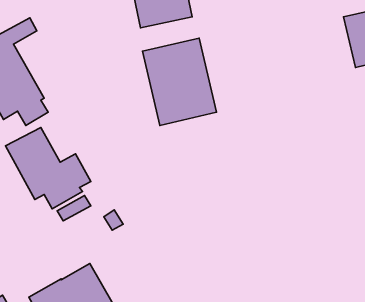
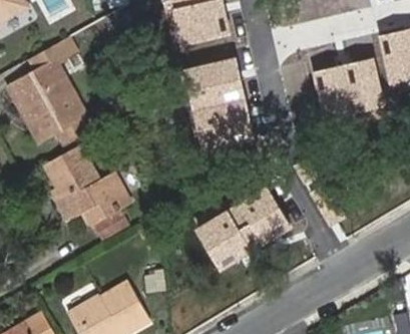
building: none -> [313,59,384,123]
building: none -> [192,186,293,274]

